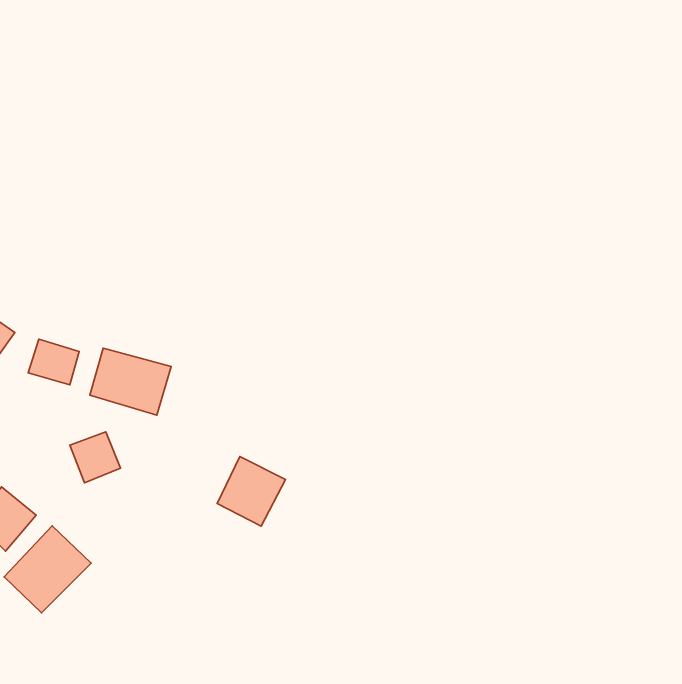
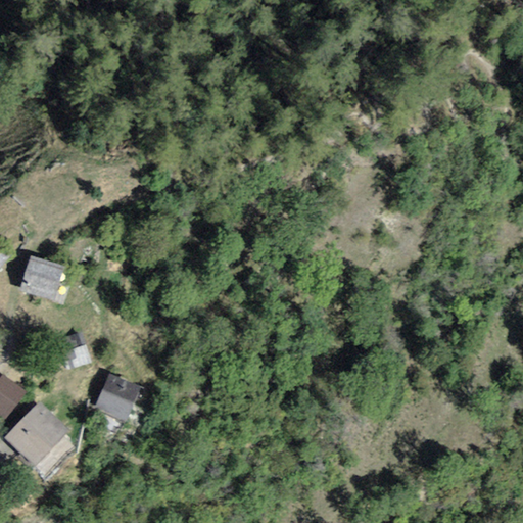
building: [90,348,171,415] -> none
building: [217,457,285,526] -> [92,371,144,424]

